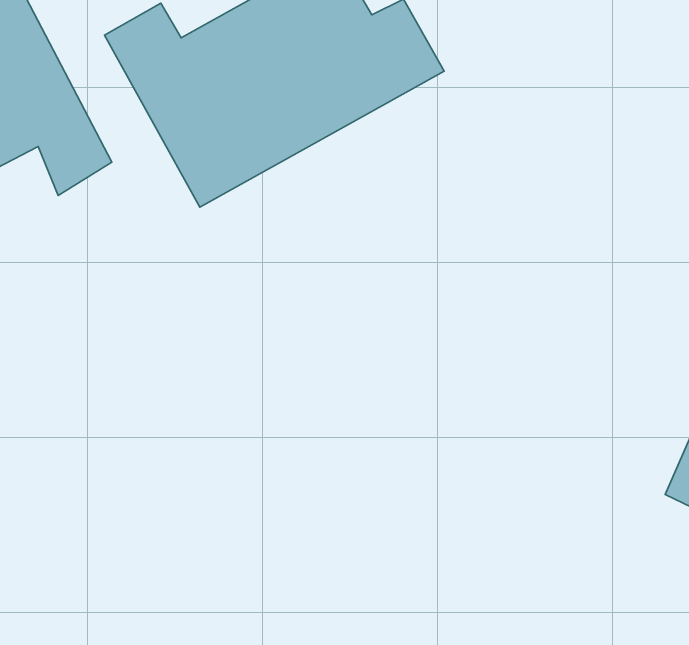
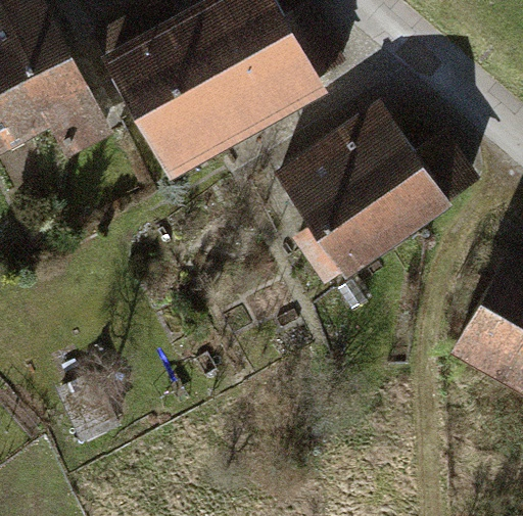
building: none -> [304,116,473,283]

